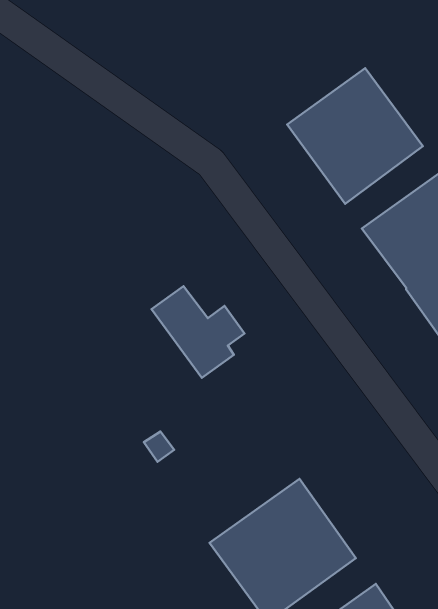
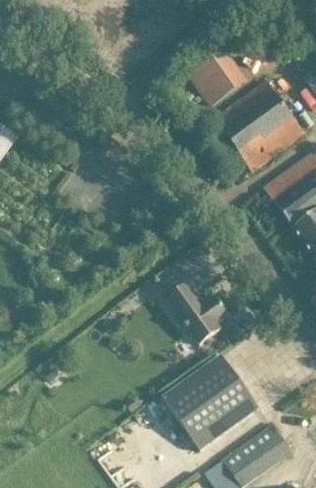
building: none -> [192,57,242,106]
building: [151,286,244,378] -> [166,283,228,344]

